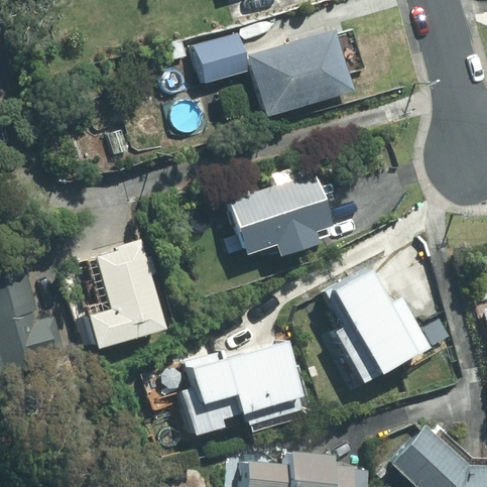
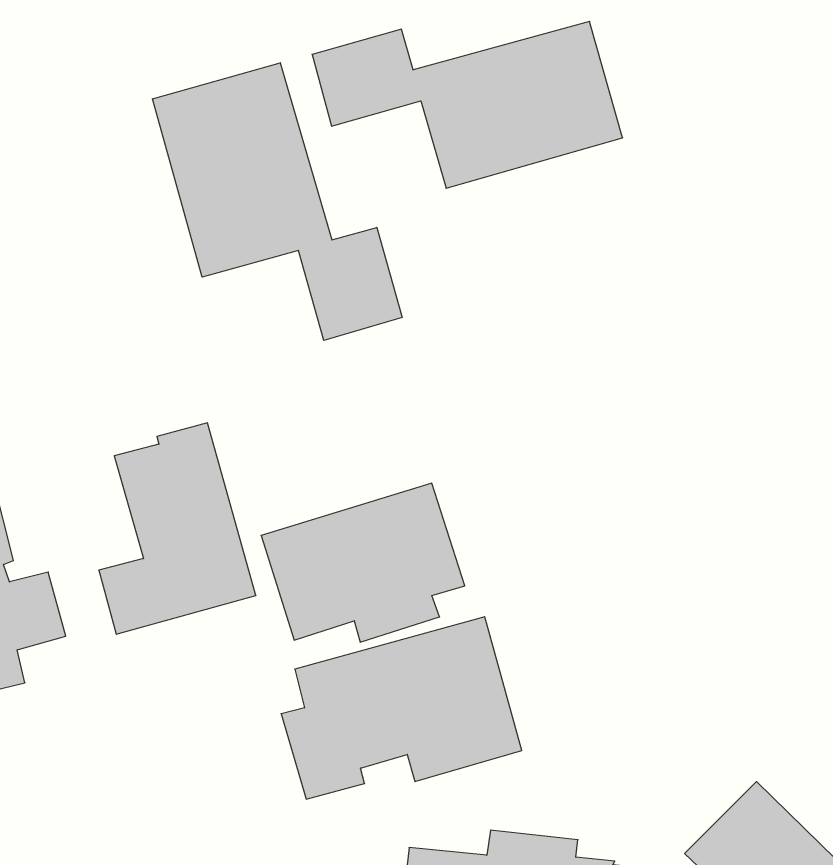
building: none -> [152,63,402,340]
building: [225,173,331,256] -> [261,483,465,642]
building: [330,270,424,373] -> none

